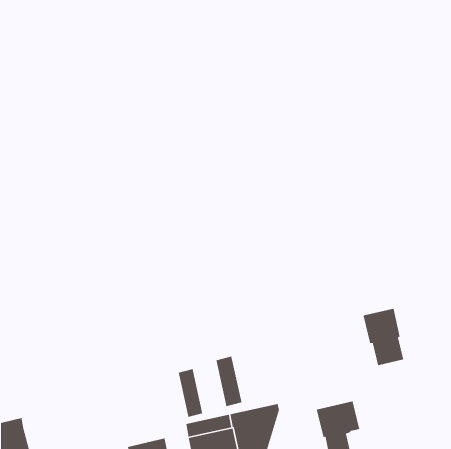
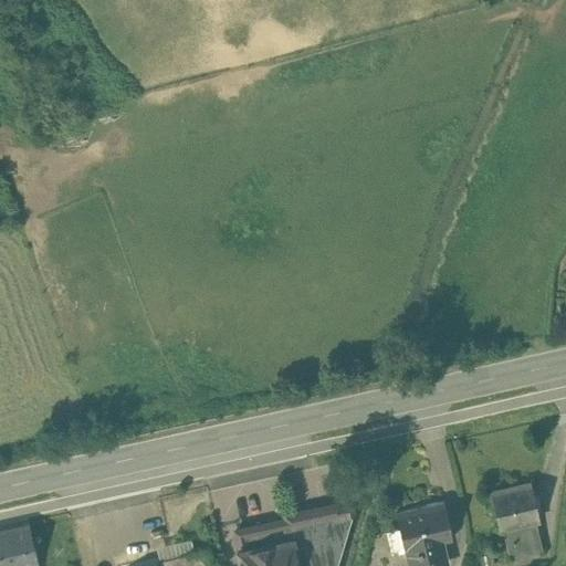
building: [363,308,404,366] -> [490,484,542,557]
building: [215,356,242,407] -> none
building: [178,368,203,418] -> none

